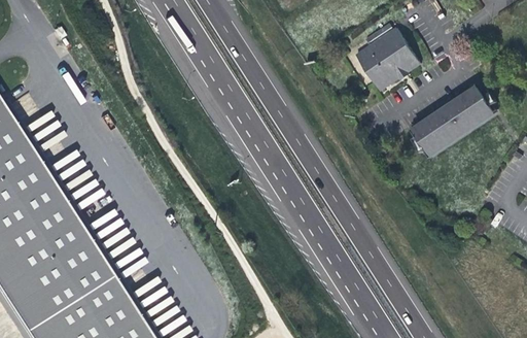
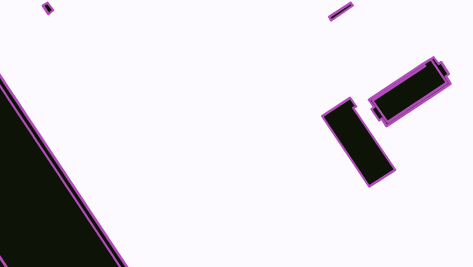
building: [355,29,420,93] -> none
building: none -> [322,98,395,186]

